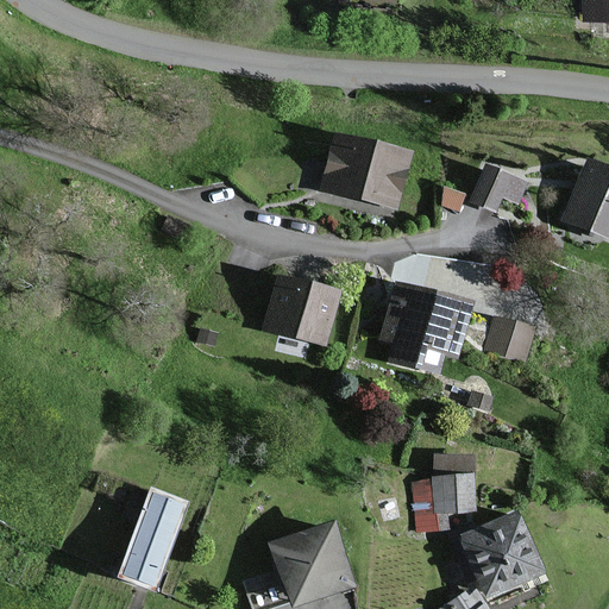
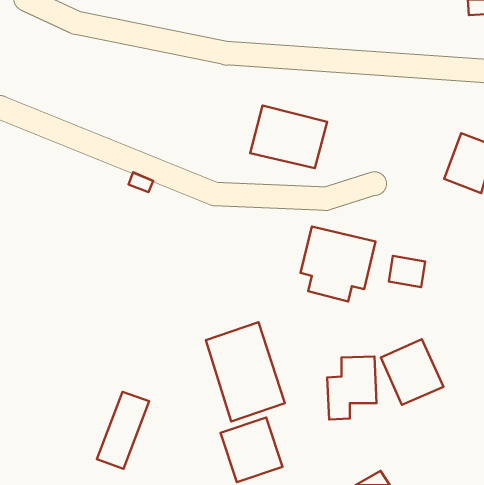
building: [470,171,520,212] -> none
building: [260,276,339,345] -> none
building: none -> [206,322,285,421]
building: [467,513,546,595] -> [381,339,444,405]

